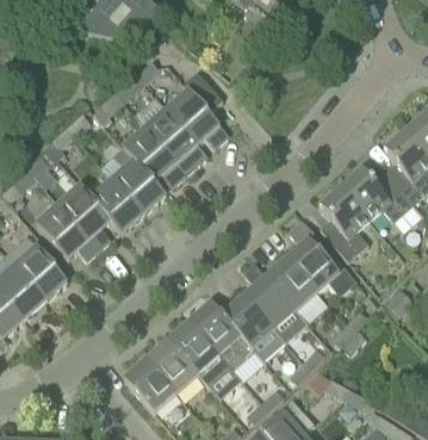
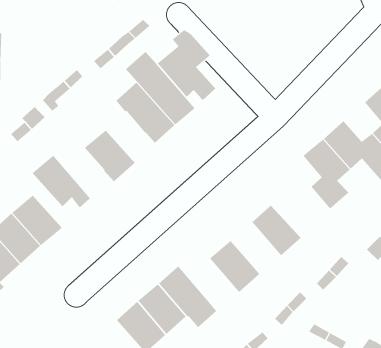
building: [103,147,166,212] -> none
building: [58,184,111,249] -> none
building: [286,221,355,295] -> none
building: [243,262,306,341] -> none
building: [190,300,255,370] -> none

